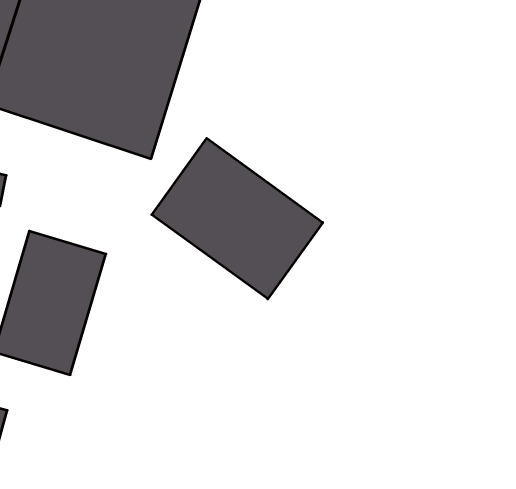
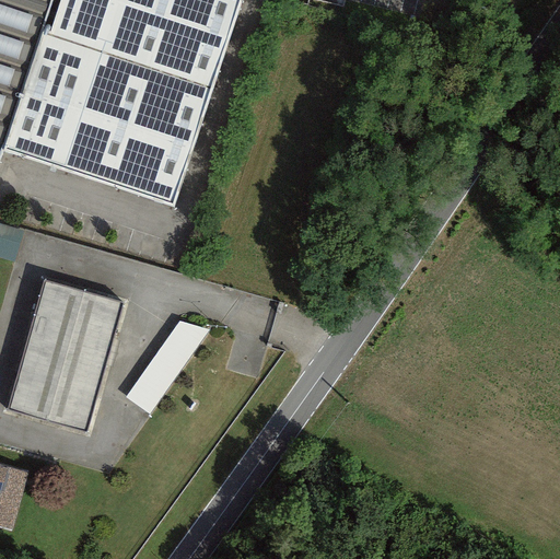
building: [152,138,323,299] -> none
building: none -> [124,311,206,408]

